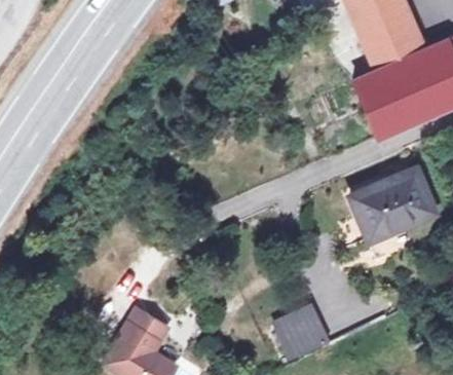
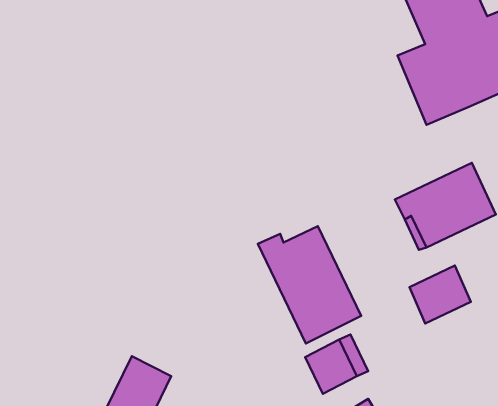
building: none -> [258,226,361,343]
building: none -> [409,265,471,323]

